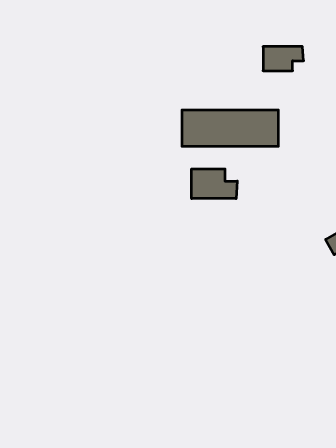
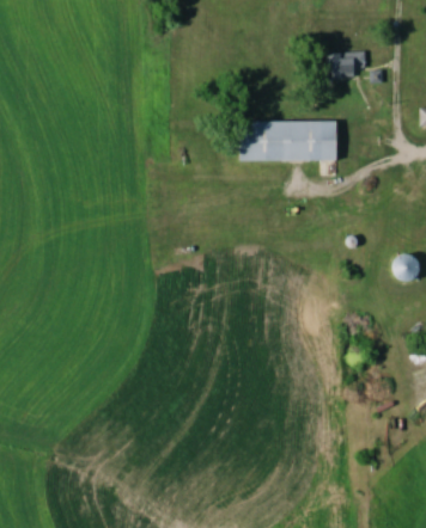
building: [192,169,237,199] -> none

